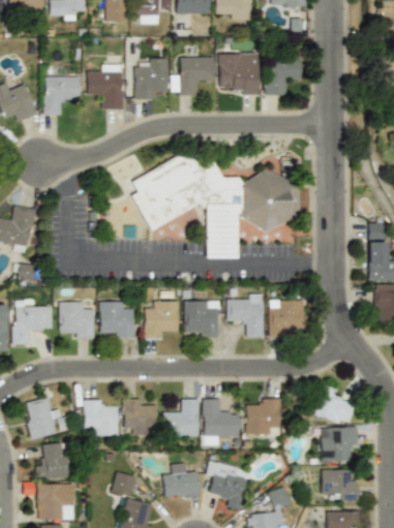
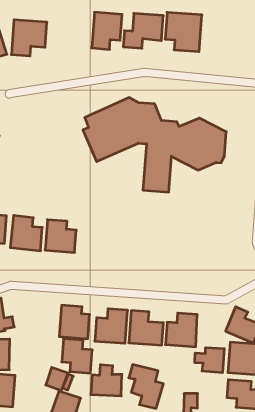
building: [265,58,301,95] -> none
building: [88,65,124,110] -> none
building: [226,294,264,337] -> none
building: [184,300,220,337] -> none
building: [269,300,304,334] -> none
building: [145,301,178,337] -> none
building: [85,399,119,436] -> [62,339,92,373]
building: none -> [195,348,224,373]

